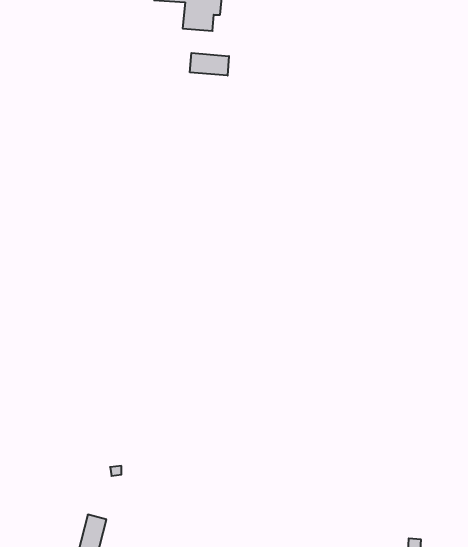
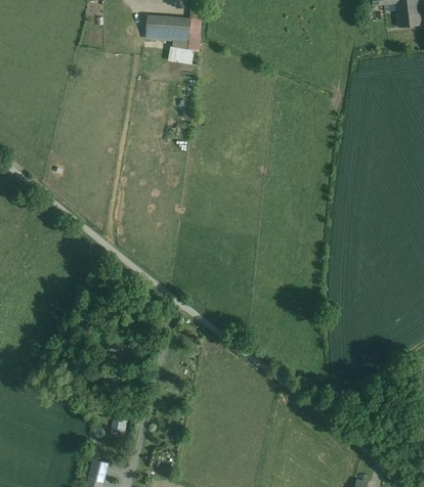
building: [190,53,229,76] -> none

